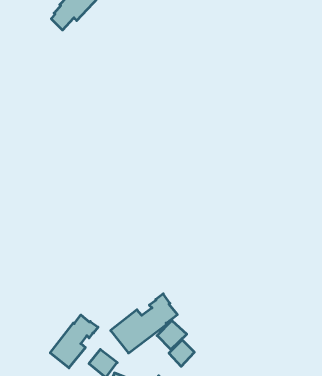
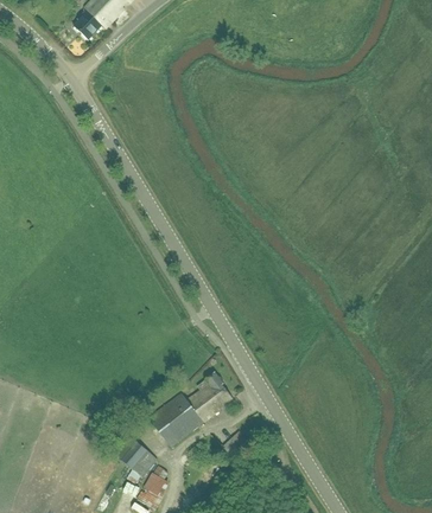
building: [50,315,98,368] -> none
building: [157,320,187,349] -> none

